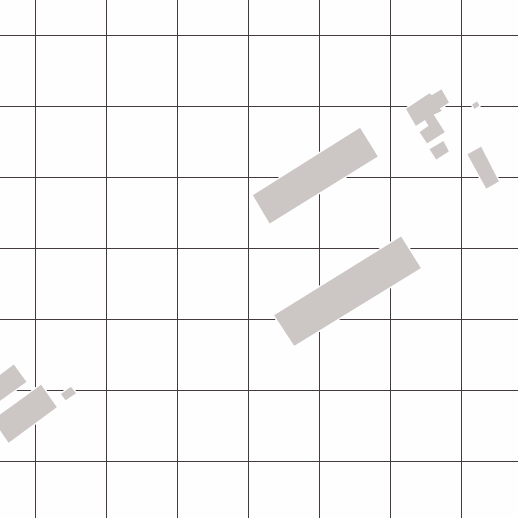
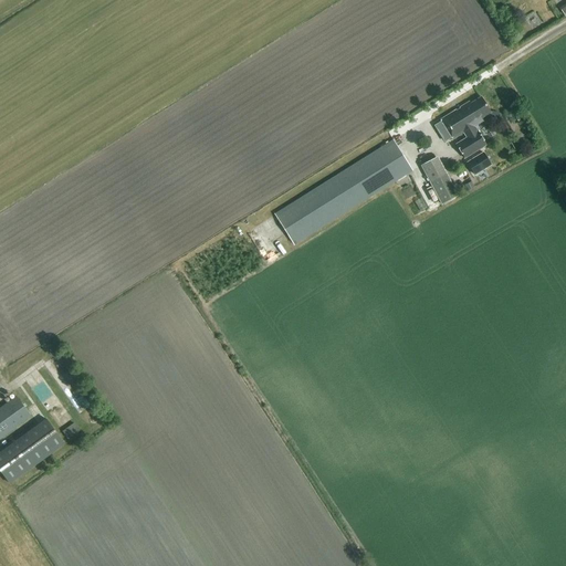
building: [466,146,500,190] -> [420,156,457,203]
building: [273,235,422,347] -> none

